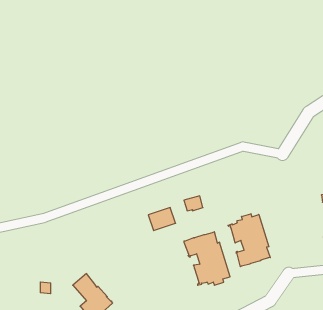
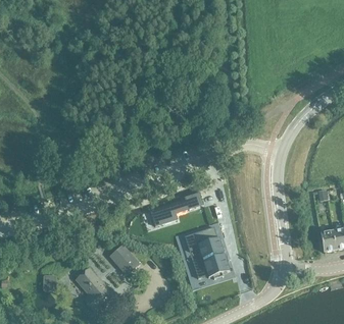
building: [228,214,270,267] -> none
building: none -> [110,245,140,275]

